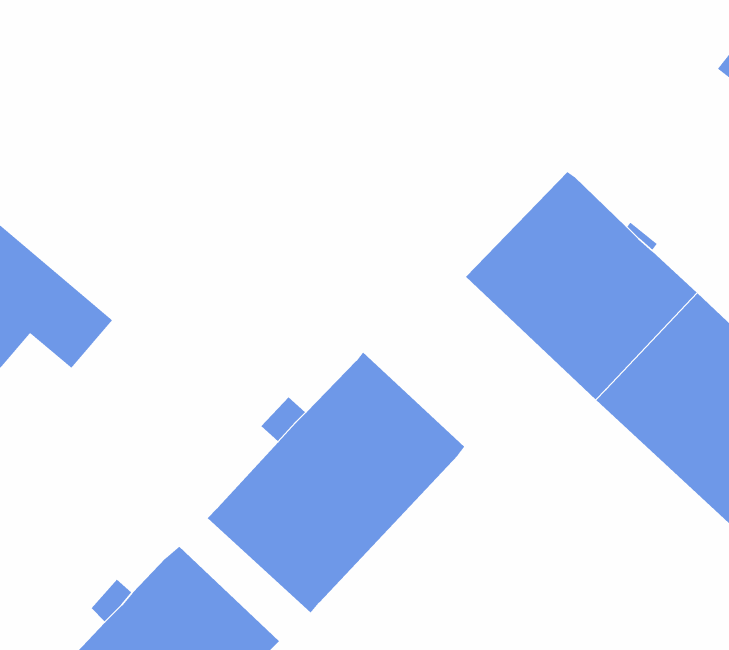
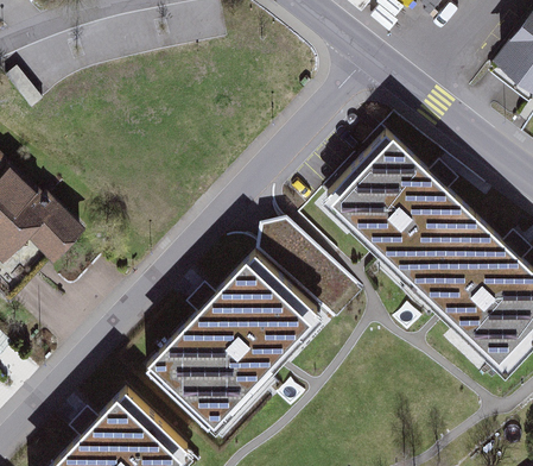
building: none -> [252,219,360,327]

